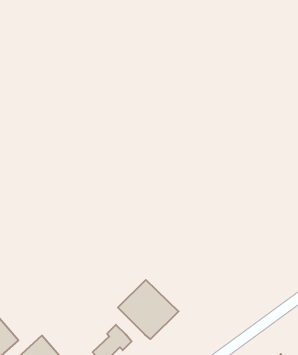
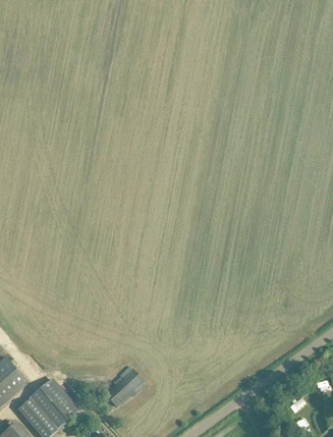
building: [118,280,179,339] -> none

